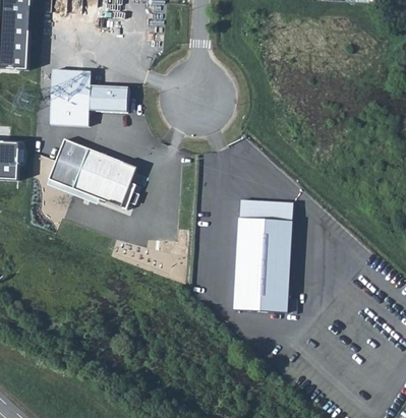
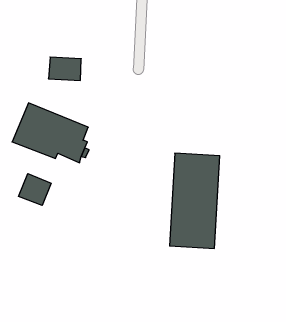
building: [52,68,94,125] -> none
building: none -> [19,174,51,205]

